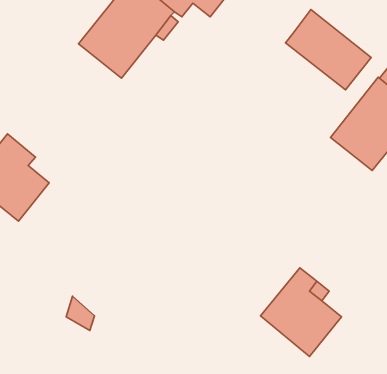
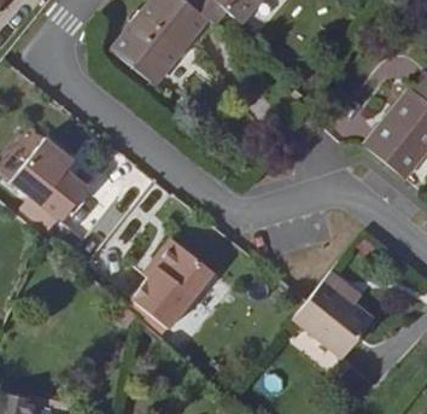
building: [285,9,371,90] -> none
building: none -> [129,235,216,332]

